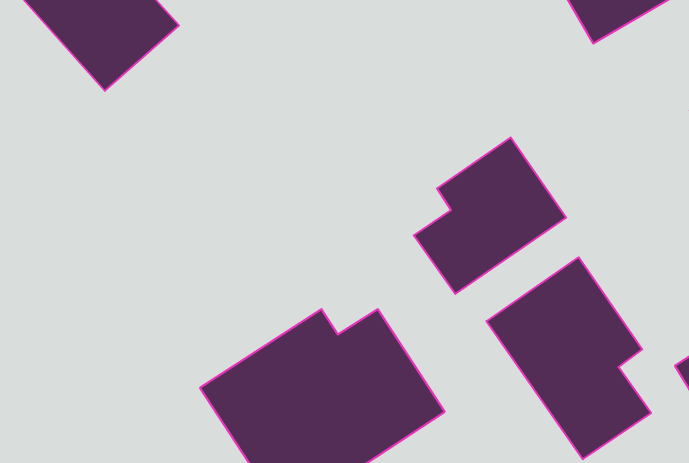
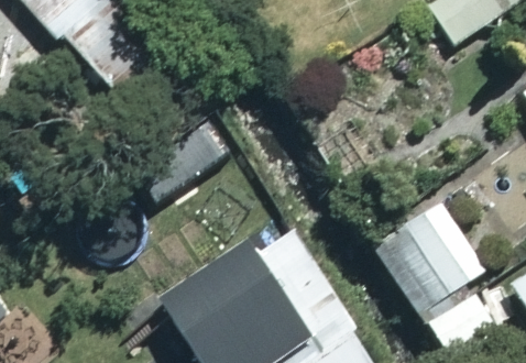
building: [414,137,566,294] -> none

